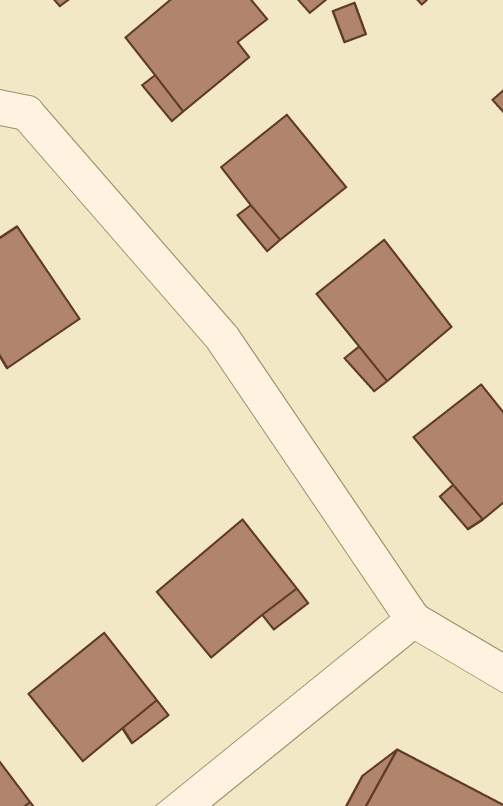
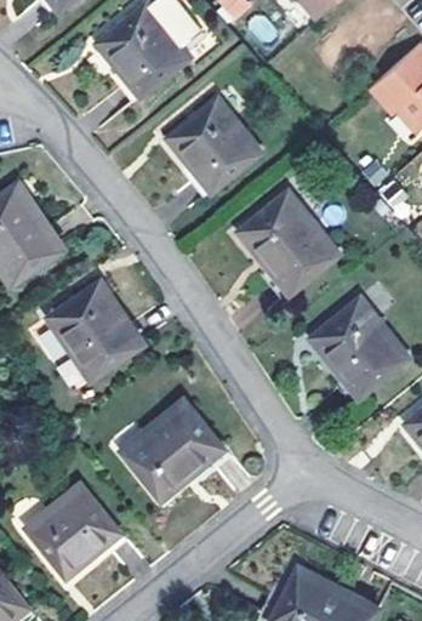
building: none -> [50,278,144,378]

